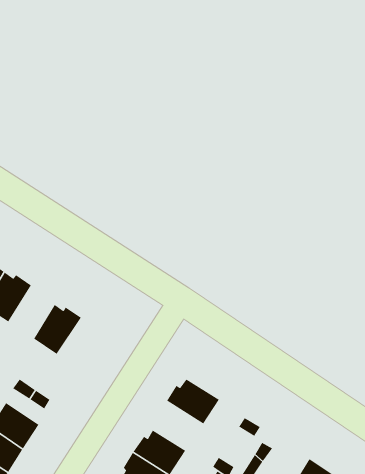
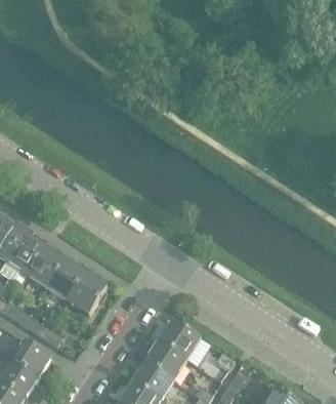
building: none -> [26,243,64,287]
building: none -> [66,270,106,314]
building: none -> [144,338,186,379]

